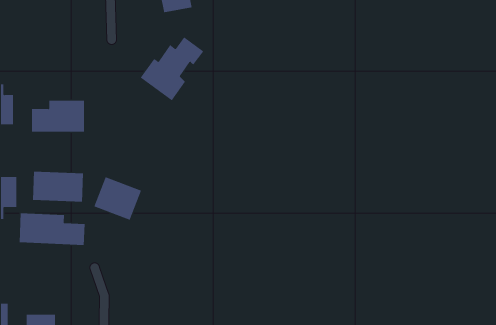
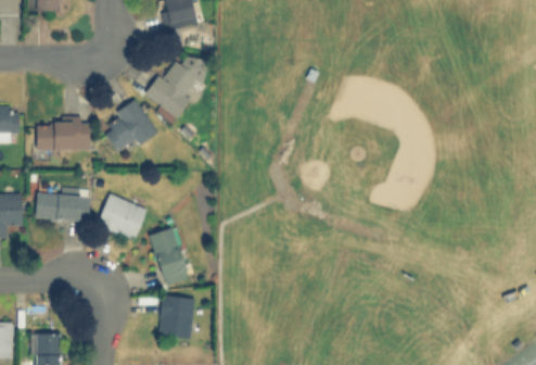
building: none -> [103,99,157,151]
building: none -> [149,227,188,285]
building: [19,212,85,246] -> none
building: none -> [159,297,193,338]

